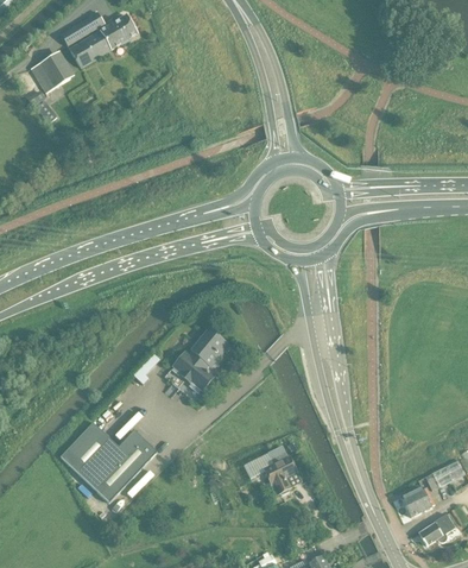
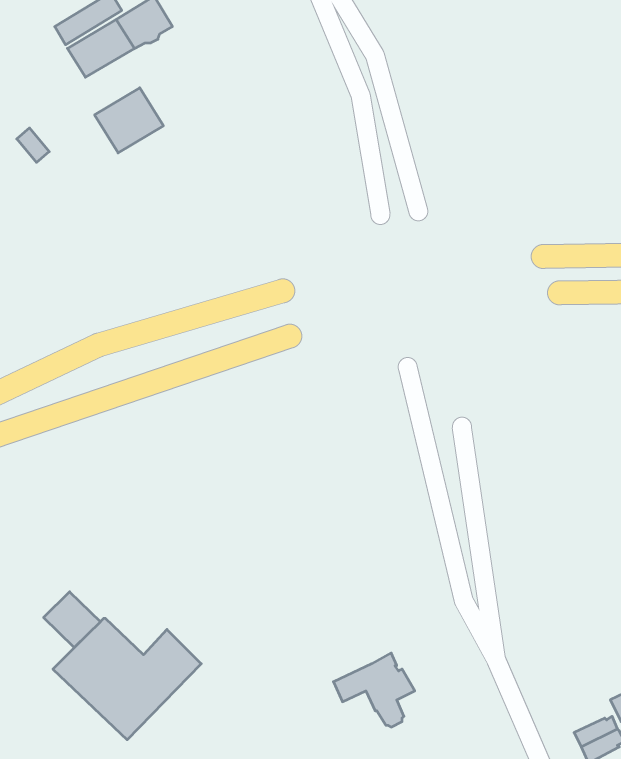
building: [30,50,75,93] -> [95,88,163,153]
building: [173,330,228,389] -> none
building: none -> [44,592,100,648]

